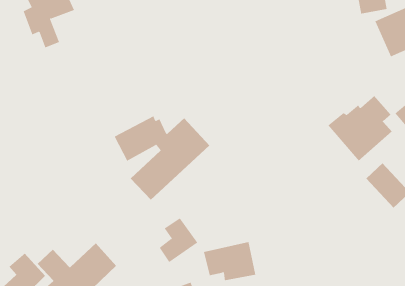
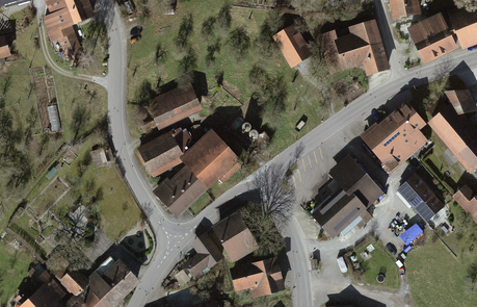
building: none -> [318,18,393,79]
building: none -> [272,24,314,70]
building: none -> [148,82,197,124]
building: none -> [311,154,383,247]
building: none -> [212,211,259,263]

